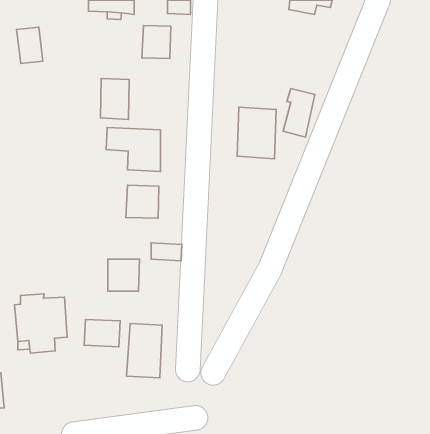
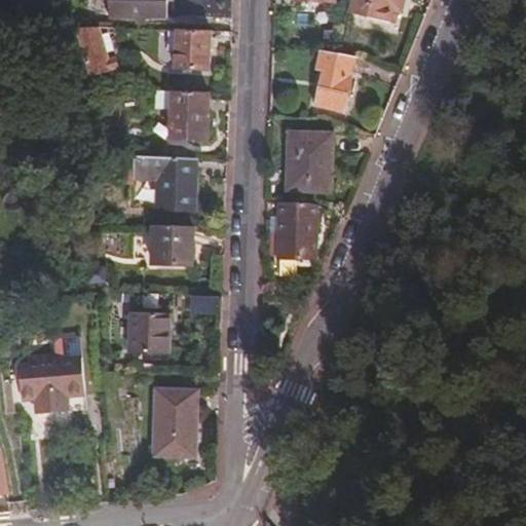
building: [17,27,43,64] -> [75,26,107,70]
building: [100,79,129,119] -> [168,89,203,139]
building: [283,89,315,137] -> [314,51,352,110]
building: none -> [281,200,318,257]
building: [84,320,120,347] -> none

